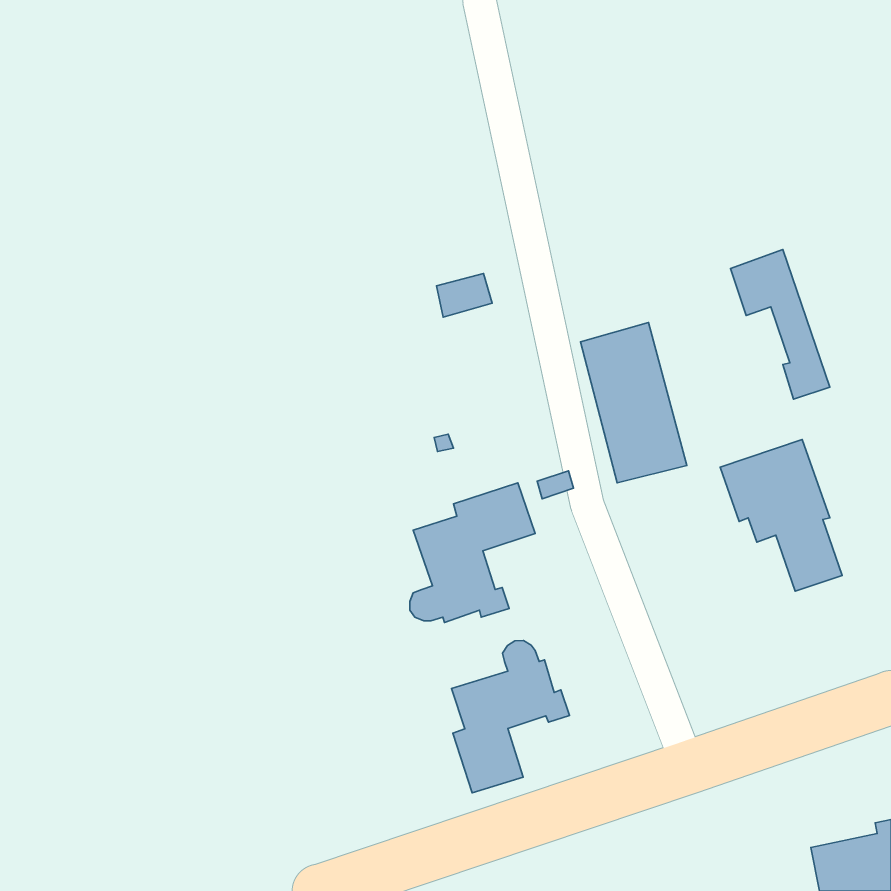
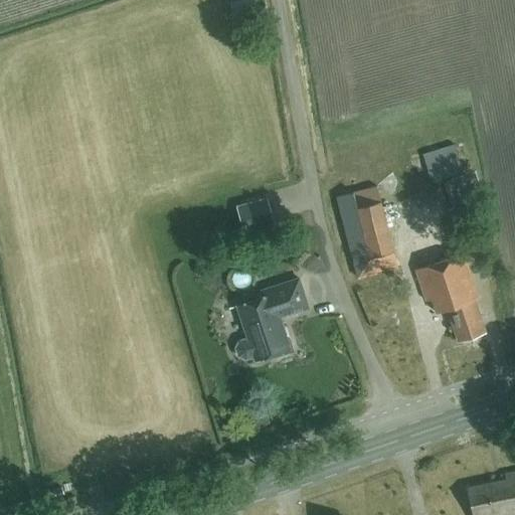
building: [436,274,492,317] -> [240,203,273,228]
building: [451,641,569,793] -> none

